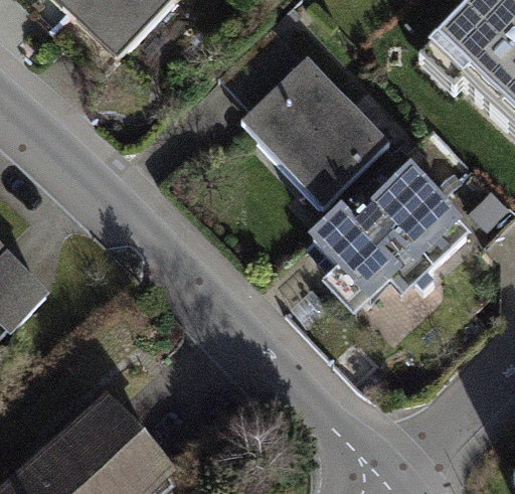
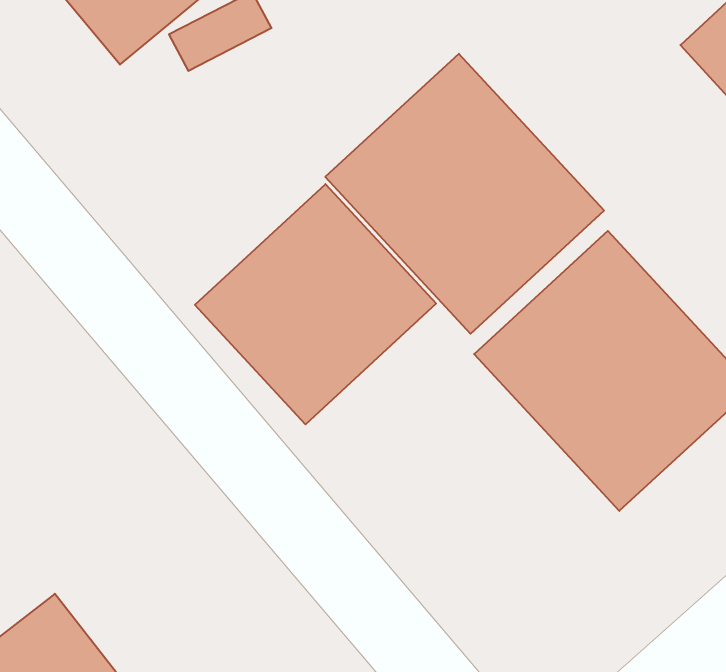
building: none -> [195,184,436,424]

